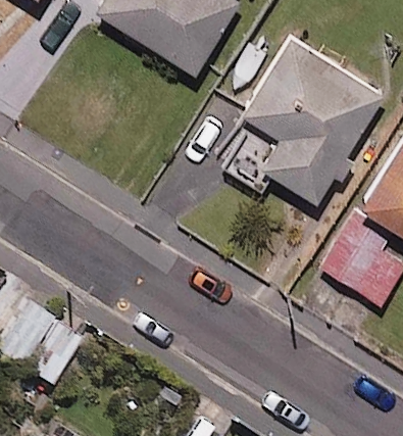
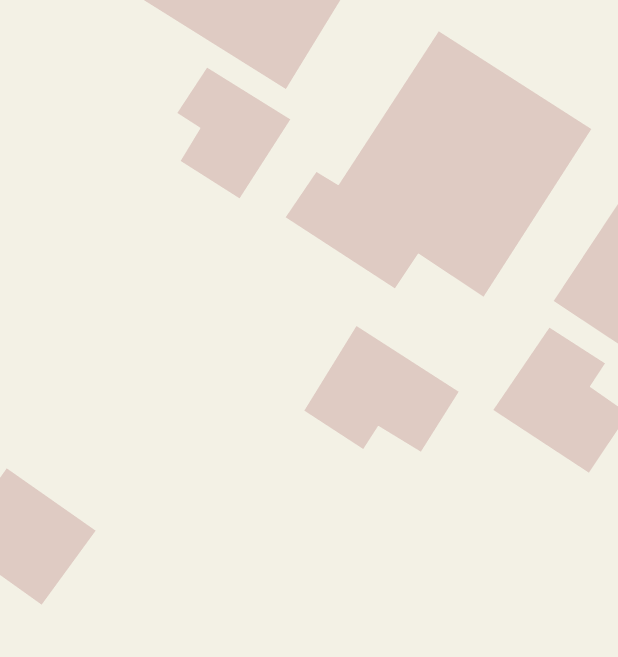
building: none -> [176,66,292,199]
building: none -> [303,325,460,453]

